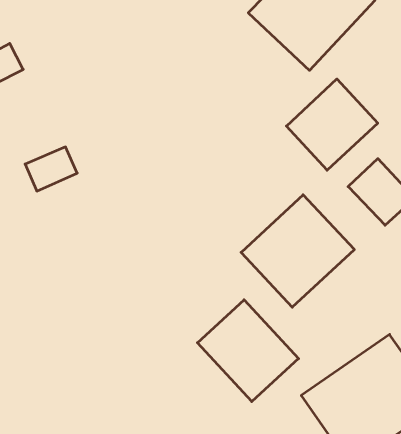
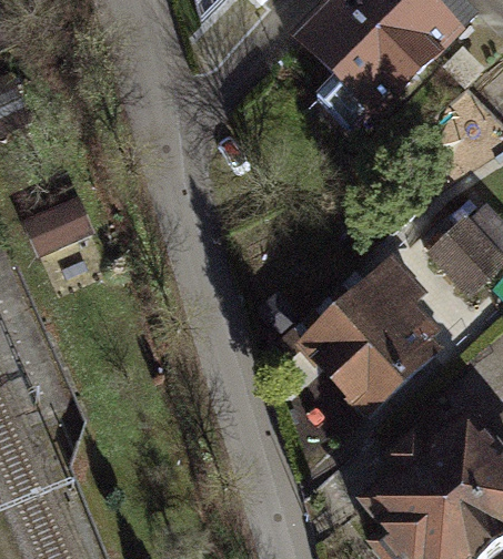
building: [286,79,378,170] -> none
building: [197,300,299,402] -> none

